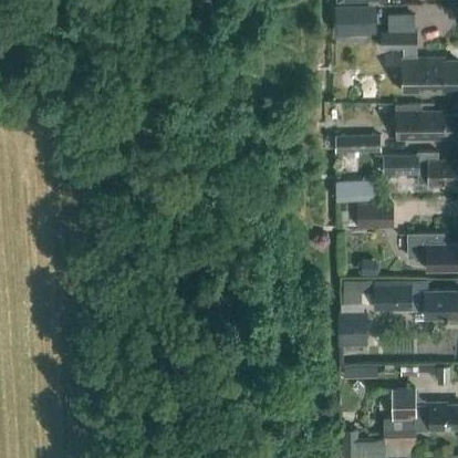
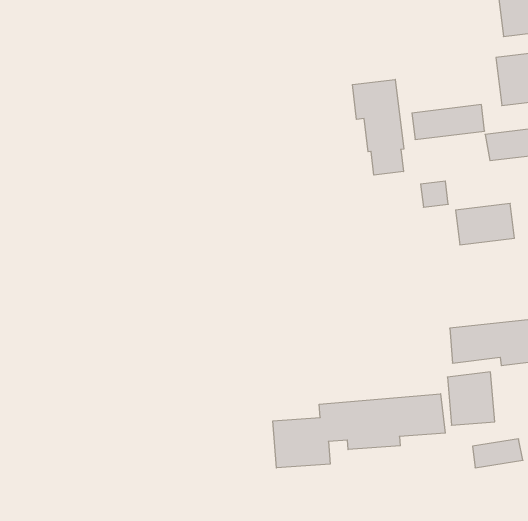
building: none -> [352,79,404,175]
building: none -> [273,394,445,468]

